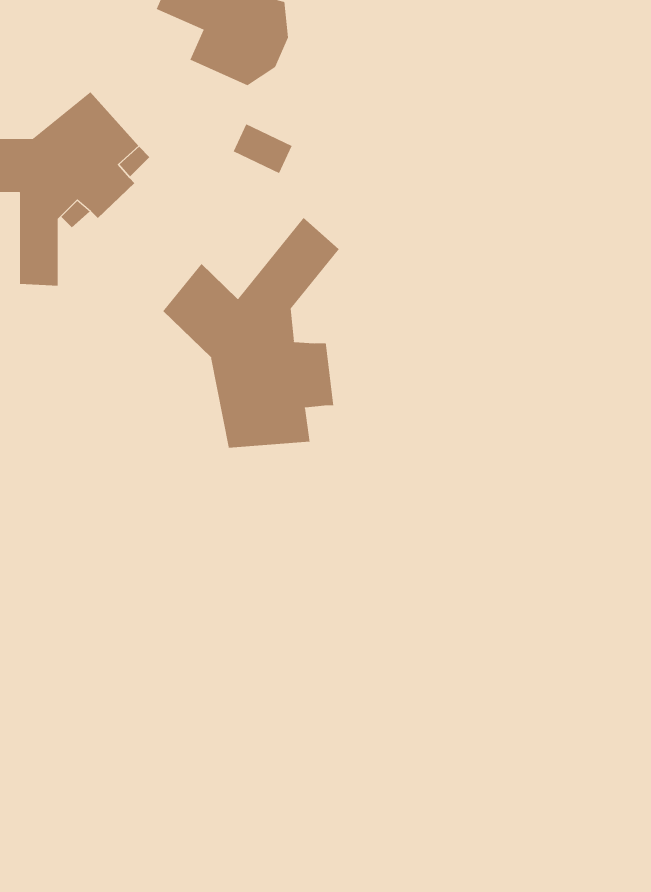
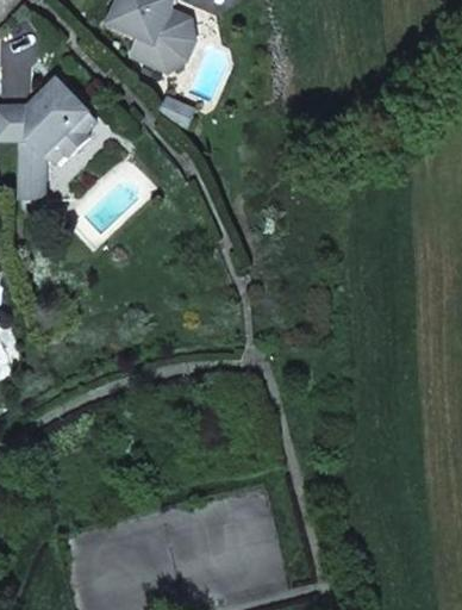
building: [163,217,340,448] -> none

